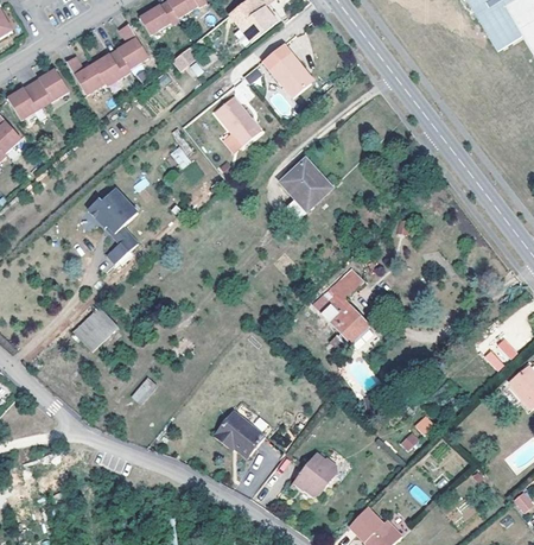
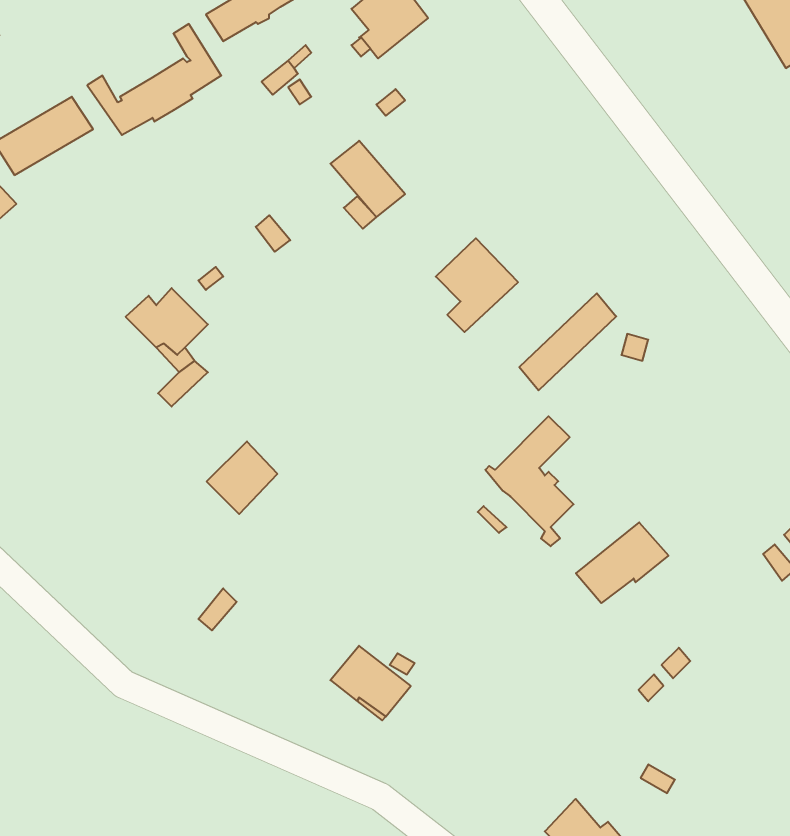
building: [263,43,311,96] -> none
building: none -> [519,293,616,390]
building: [75,308,119,353] -> [207,441,277,514]
building: none -> [576,522,668,603]
building: [298,454,336,493] -> none

